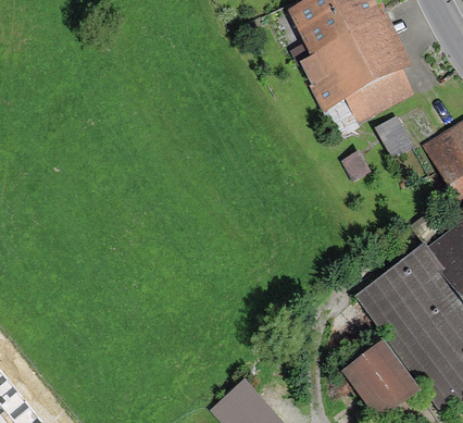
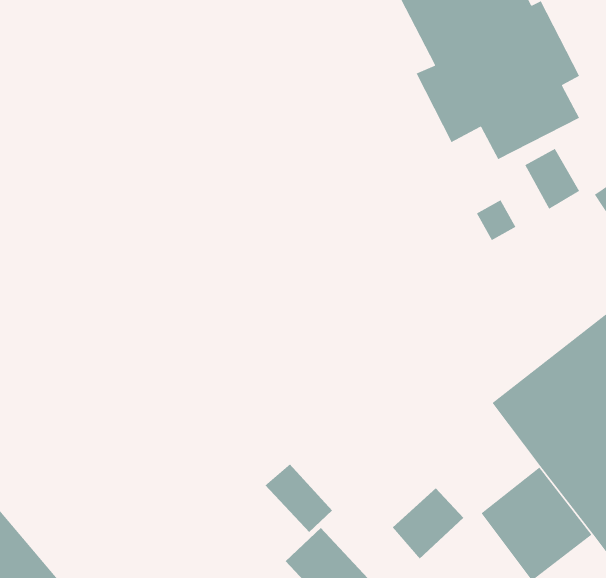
building: none -> [264,463,333,533]
building: none -> [392,487,464,560]

